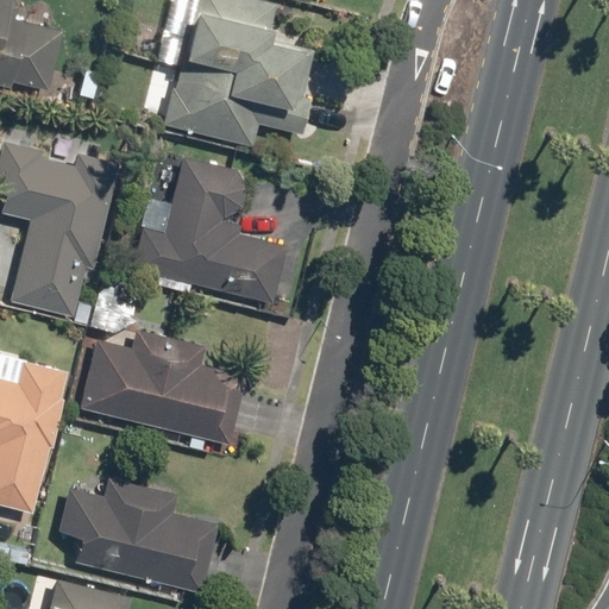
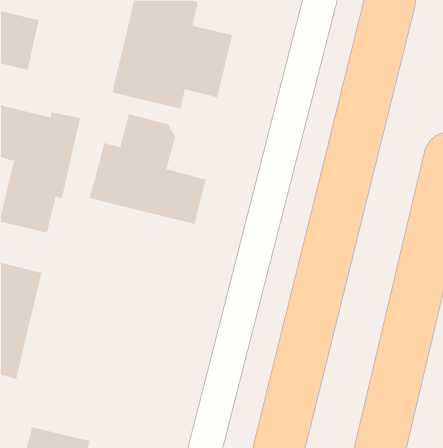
building: [79,329,247,447] -> none
building: [55,477,219,595] -> none

